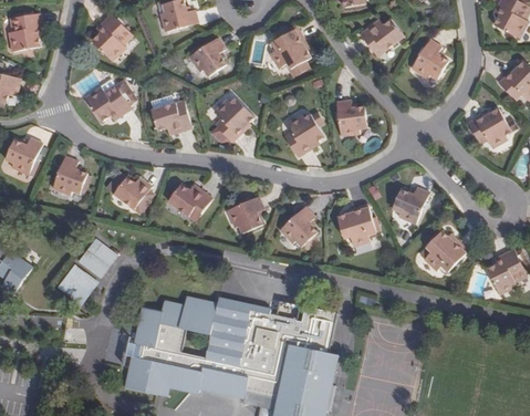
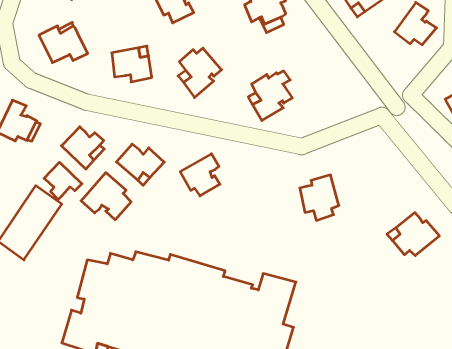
building: [335,103,367,137] -> none
building: [392,188,429,223] -> none
building: [279,207,318,249] -> none
building: none -> [44,162,82,199]
building: none -> [81,173,131,220]

